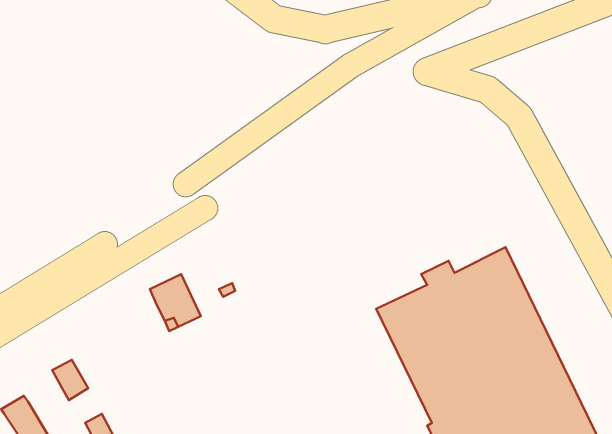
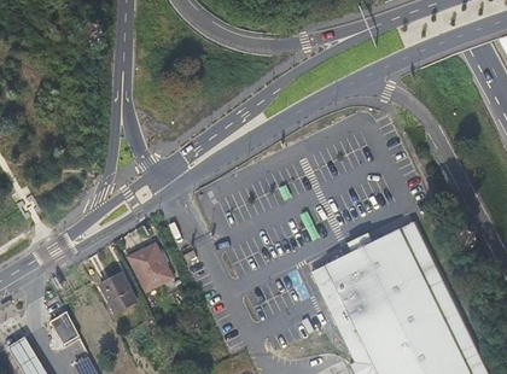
building: none -> [99,273,134,312]

